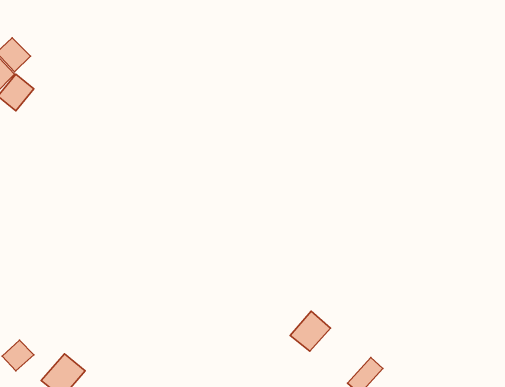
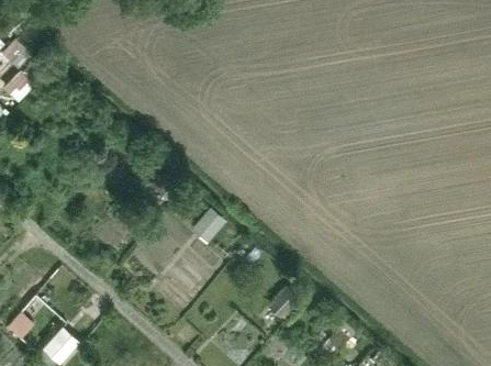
building: none -> [190,209,225,244]

